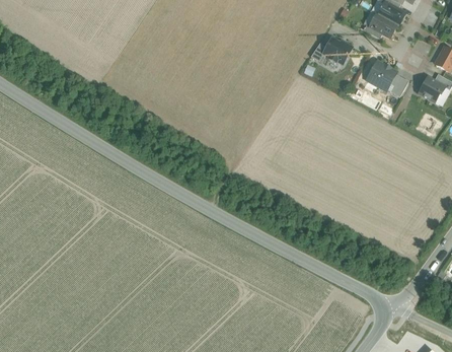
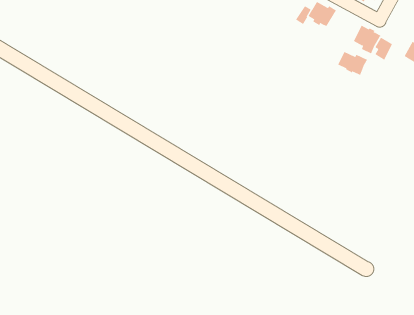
building: none -> [338,51,368,76]

